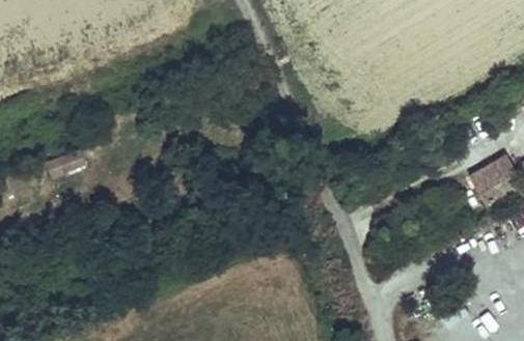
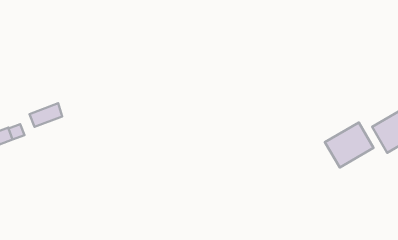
building: none -> [325,122,374,168]

